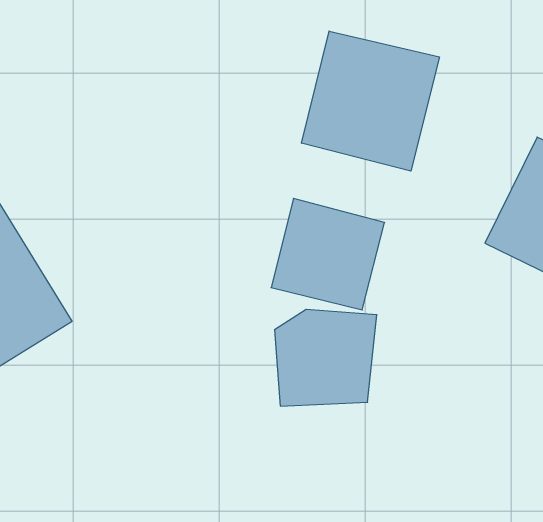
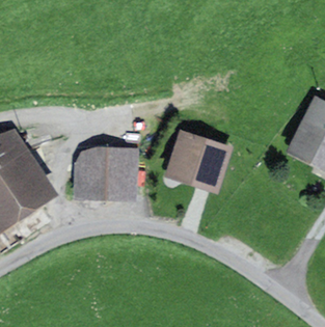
building: [302,31,439,171] -> none
building: [275,309,377,406] -> [76,145,133,199]

